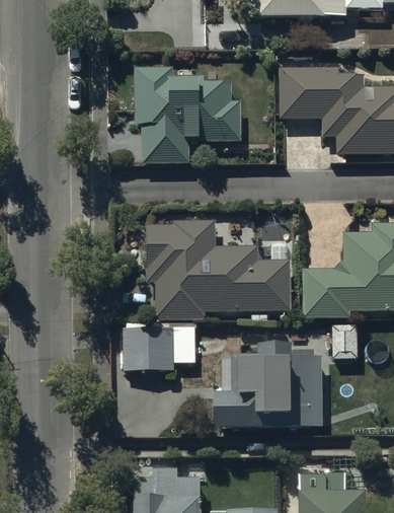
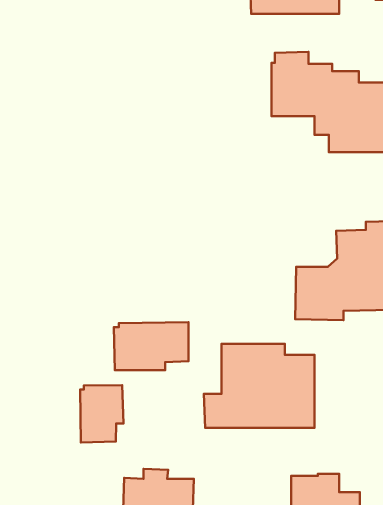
building: [134,67,240,164] -> none
building: [145,220,292,318] -> none
building: none -> [80,385,124,442]

